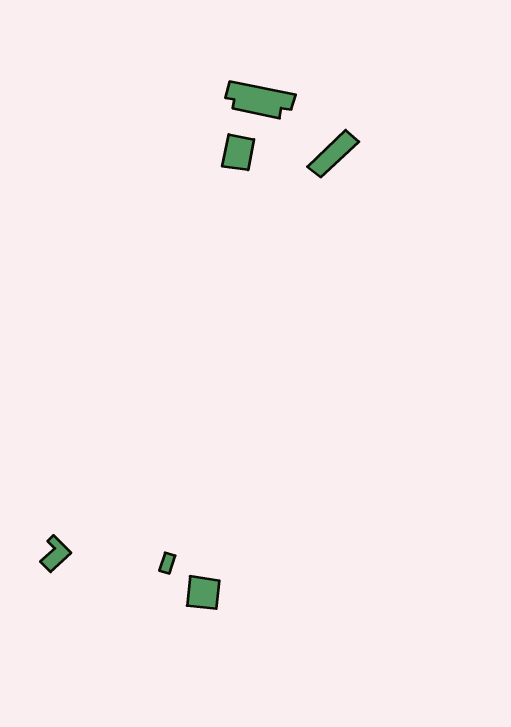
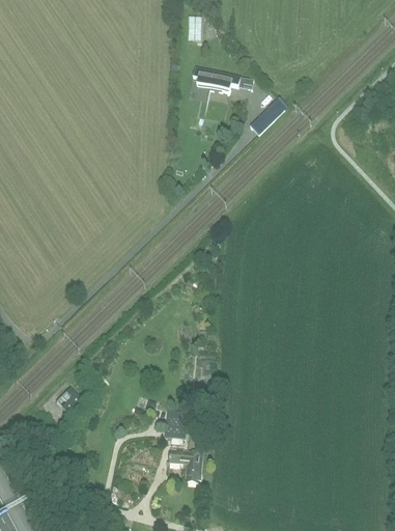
building: [222,134,254,170] -> none
building: none -> [168,448,201,481]

